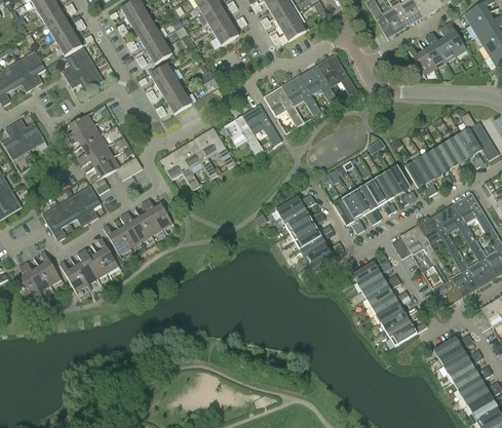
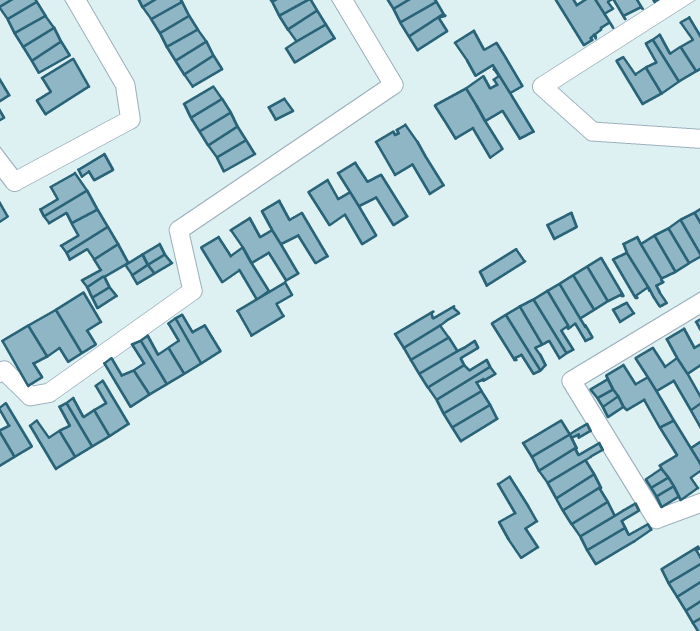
building: [68,63,104,90] -> none
building: [281,78,321,115] -> [455,31,522,93]
building: none -> [237,282,292,336]
building: none -> [498,477,538,558]

